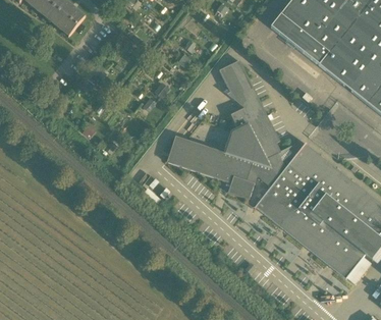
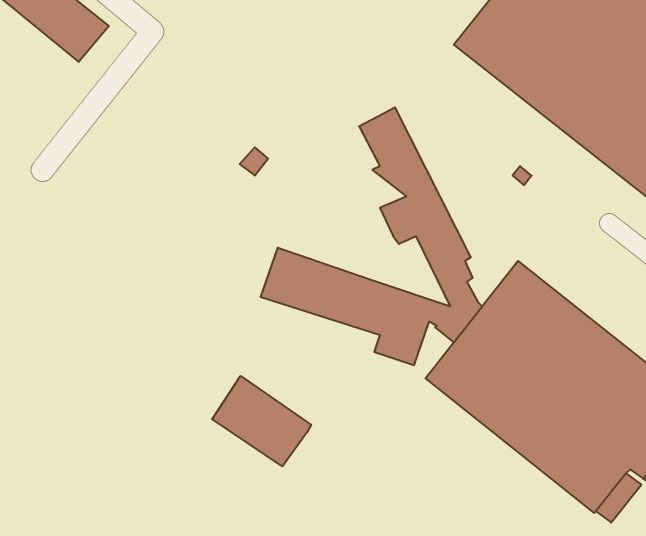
building: [225,128,268,166] -> none
building: none -> [212,376,311,466]

